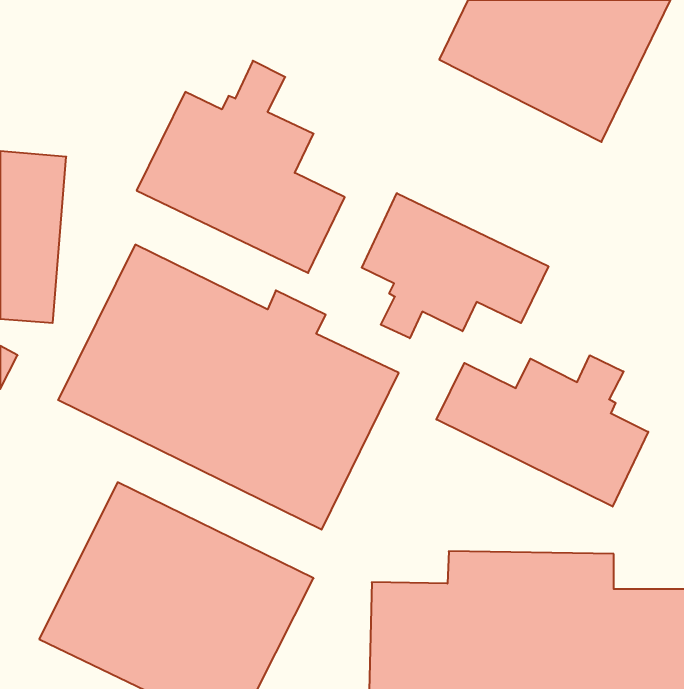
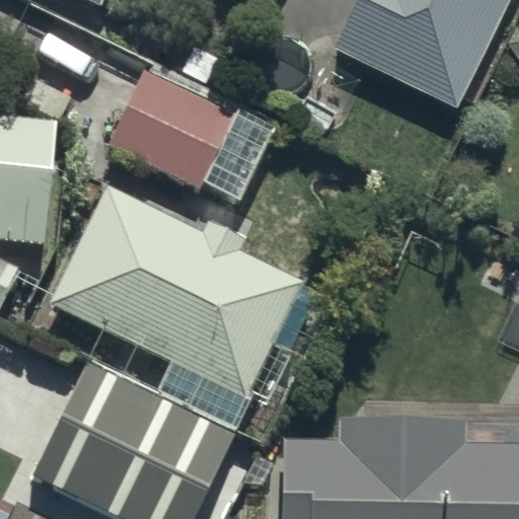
building: [362,193,548,338] -> none
building: [436,355,648,507] -> none

